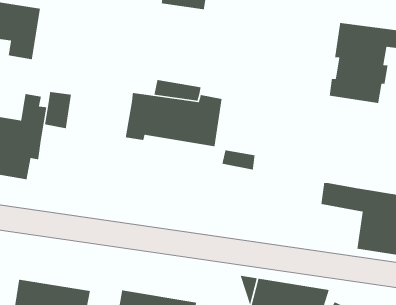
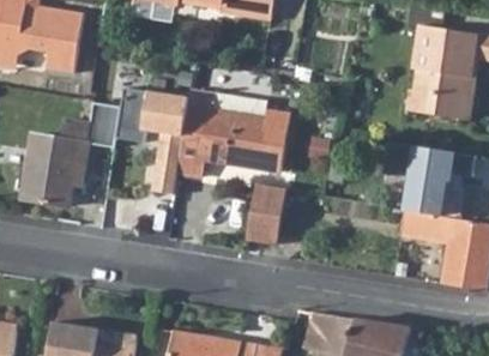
building: none -> [139,95,188,194]
building: none -> [384,143,476,216]
building: none -> [248,185,285,243]

